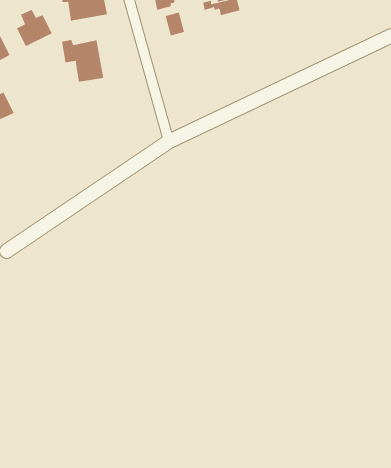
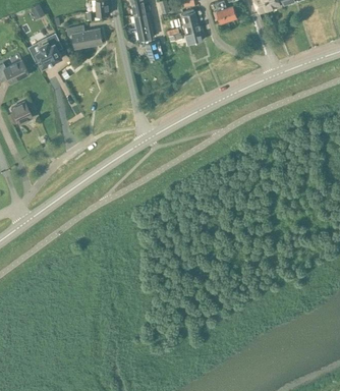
building: [61,39,104,82] -> none

